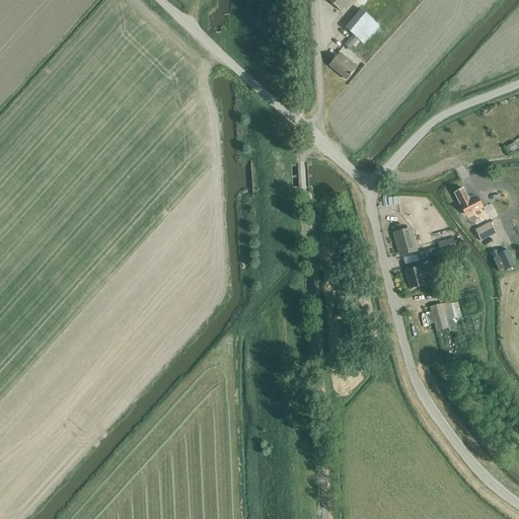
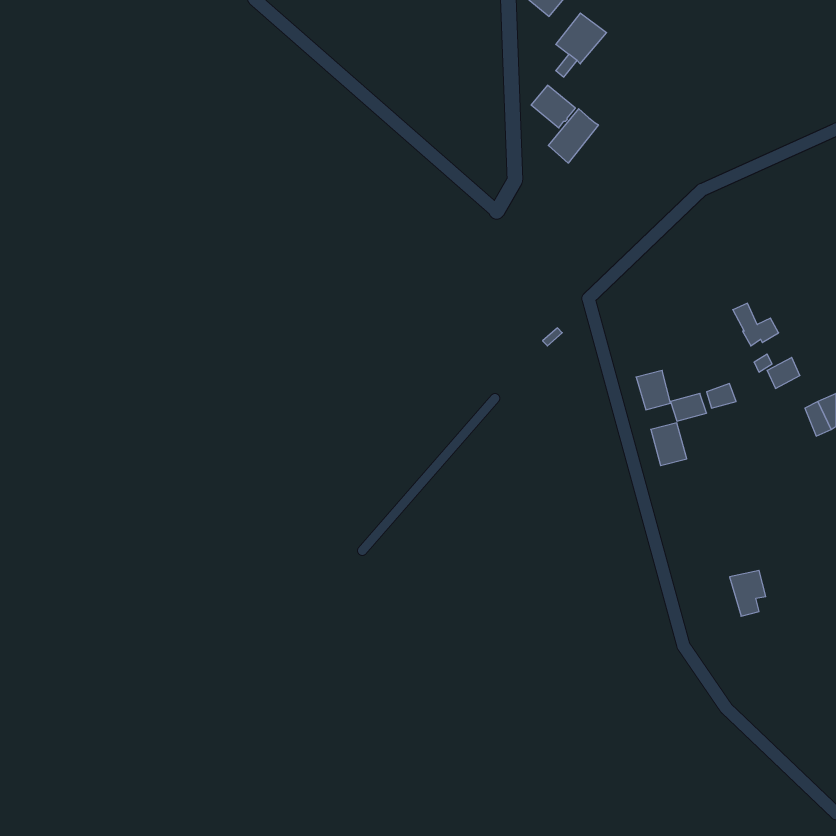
building: none -> [548,109,598,163]
building: [429,302,451,330] -> [730,570,766,616]

